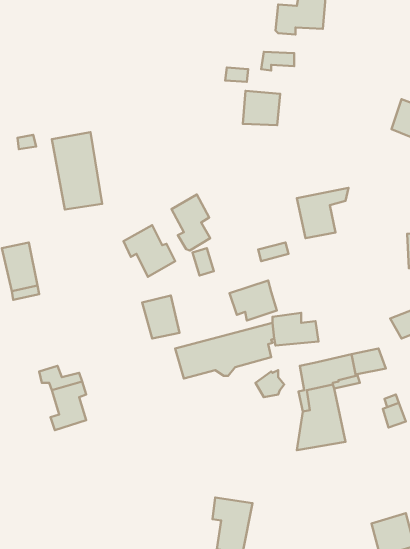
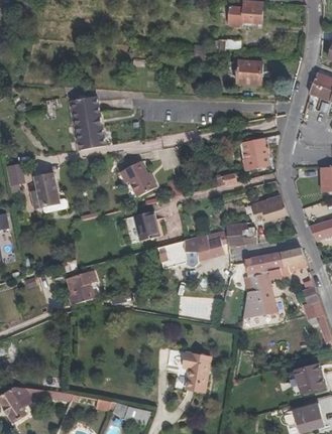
building: [243,91,280,125] -> [236,60,262,85]
building: [172,194,210,251] -> none
building: [230,280,277,321] -> [253,194,287,223]

